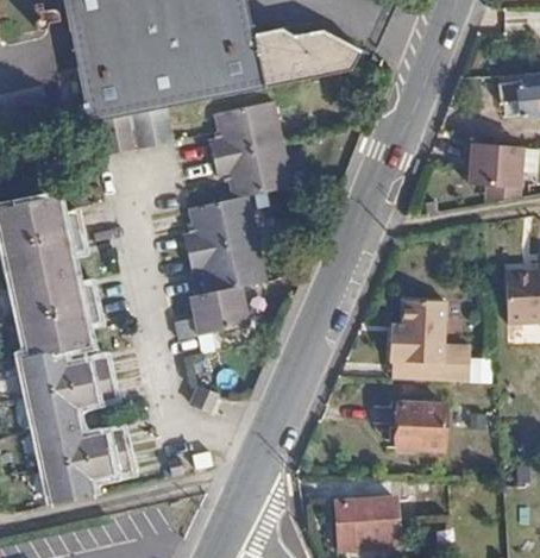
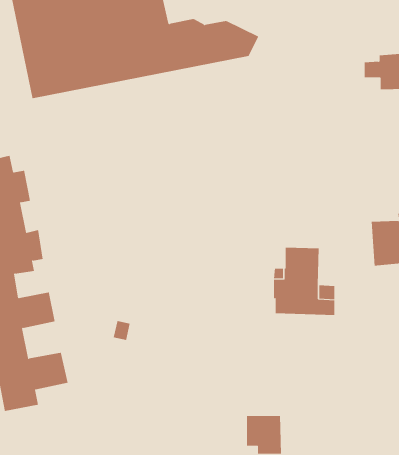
building: [172,98,287,332] -> none
building: [450,143,516,188] -> none
building: [389,403,438,449] -> none

